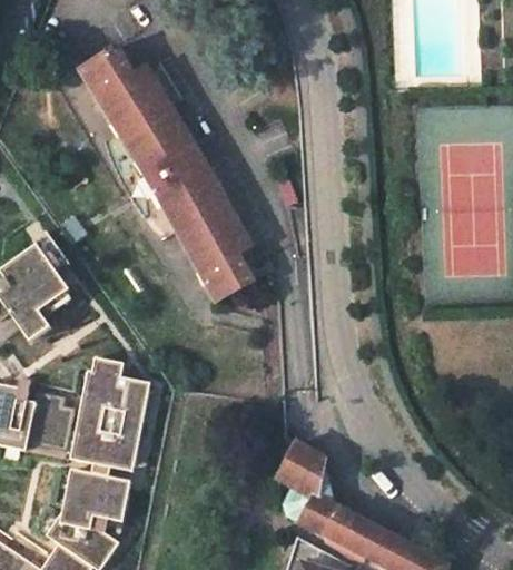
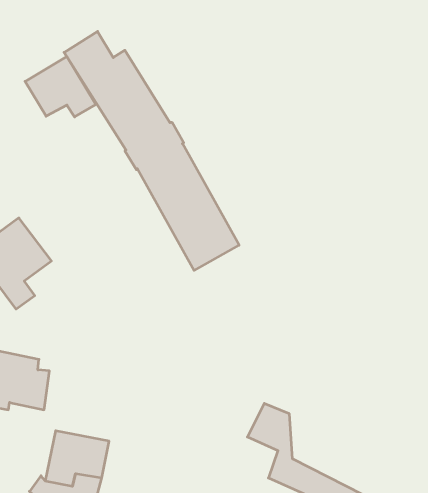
building: none -> [25,57,96,117]
building: [72,358,148,471] -> none

